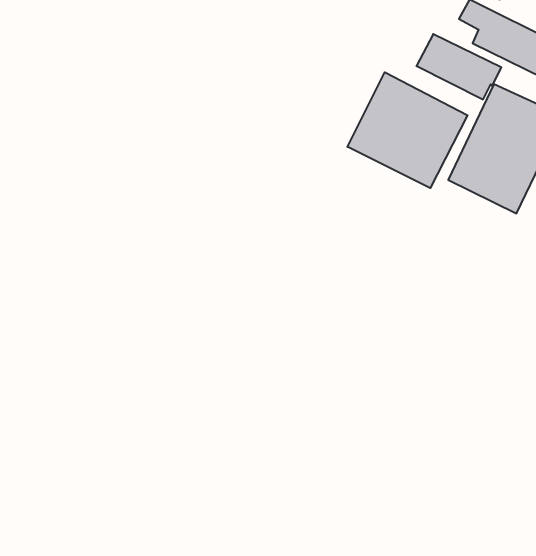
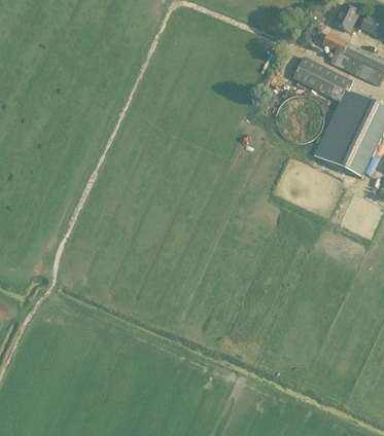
building: [347,72,468,188] -> none

